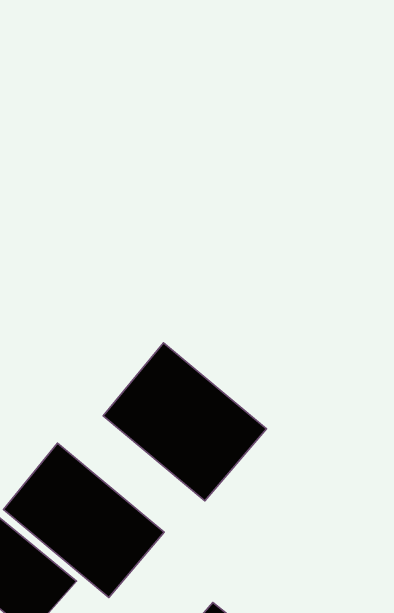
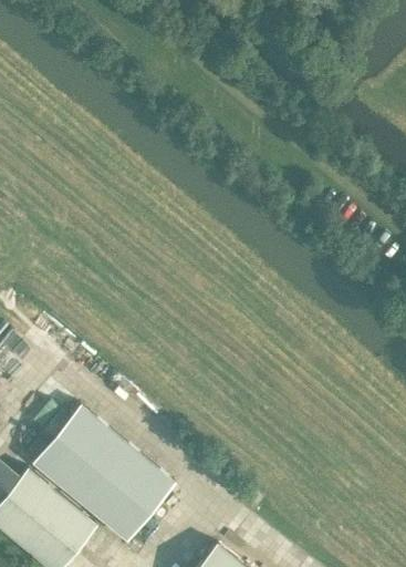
building: [103,343,267,501] -> none

